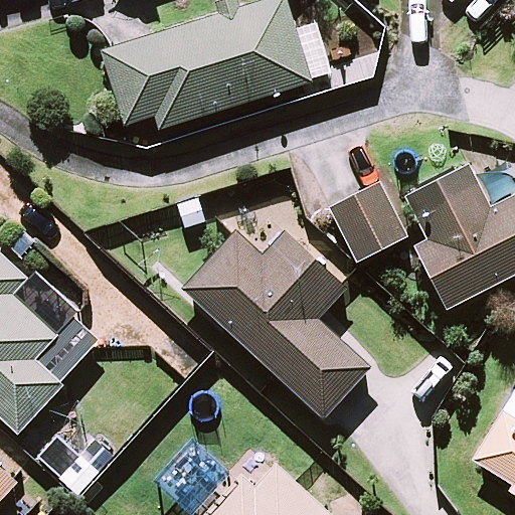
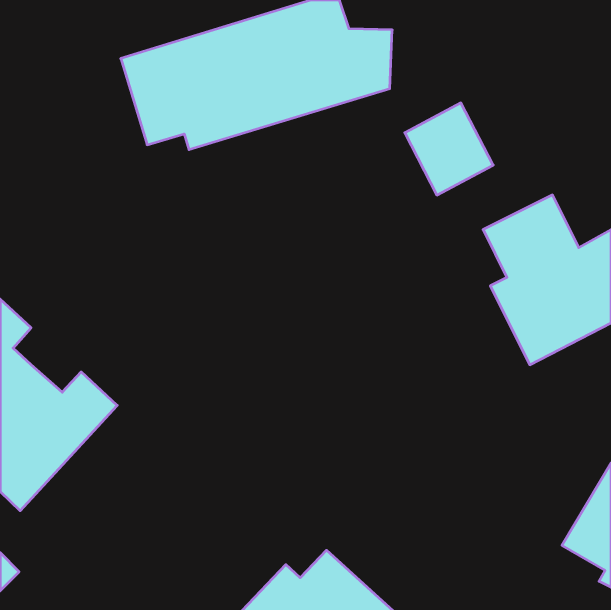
building: [330,183,404,261] -> [405,103,493,195]
building: [184,231,369,418] -> none
building: [32,414,112,494] -> none

